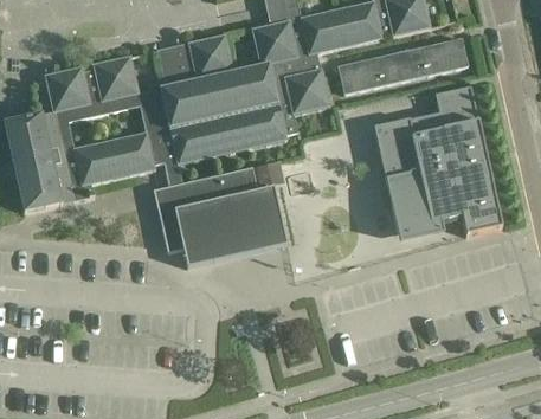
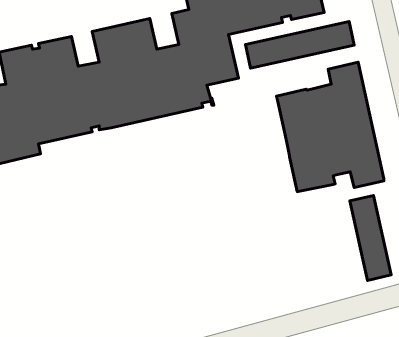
building: [154,163,288,266] -> none
building: none -> [350,195,391,280]

